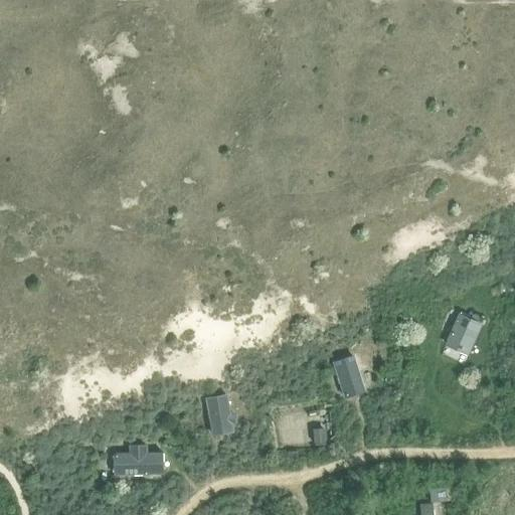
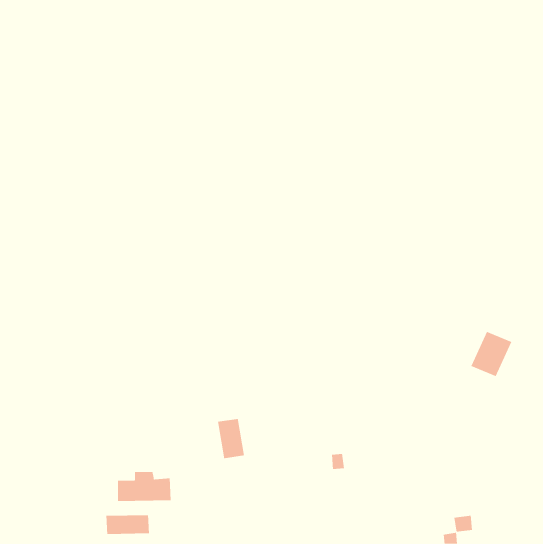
building: [332,354,365,397] -> none
building: none -> [106,514,150,535]

